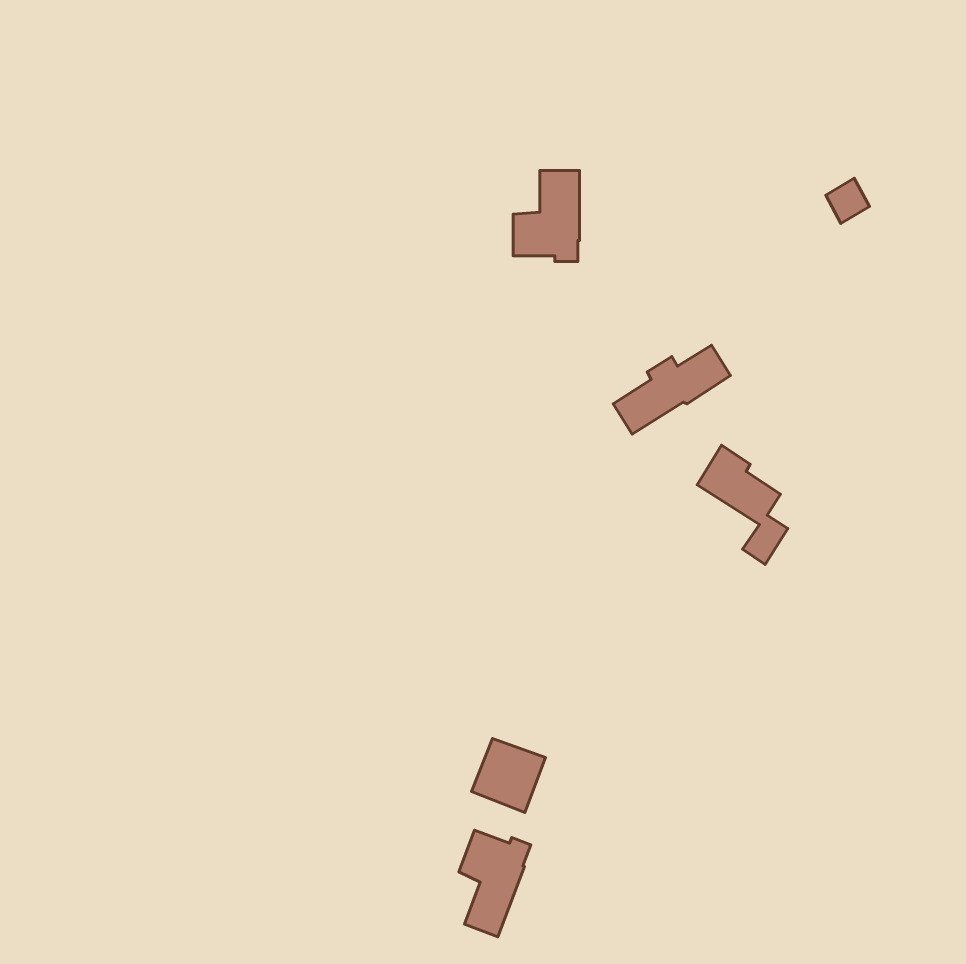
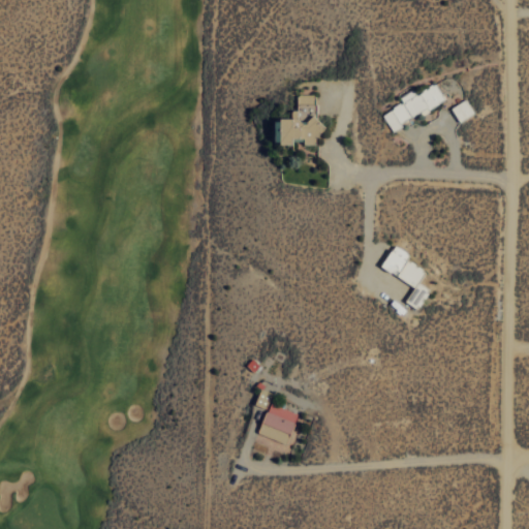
building: [613,345,731,434] -> [382,84,446,132]
building: [459,830,531,937] -> none

